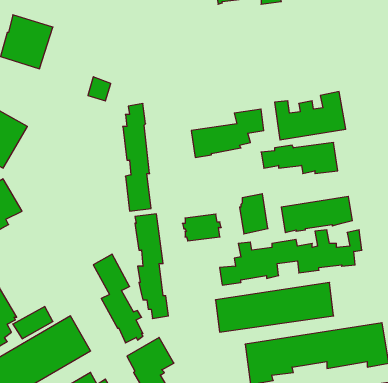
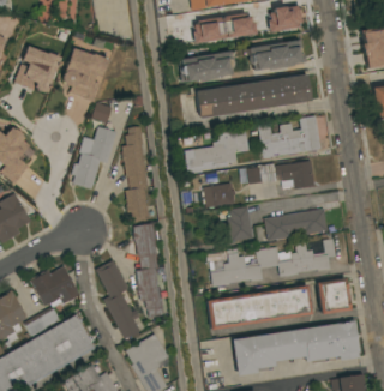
building: none -> [250,40,306,71]
building: none -> [61,49,108,102]
building: none -> [179,52,235,83]
building: none -> [196,74,312,119]
building: none -> [72,126,118,190]
building: [182,214,221,241] -> [202,184,236,207]
building: none -> [31,266,82,307]
building: none -> [318,278,352,314]

